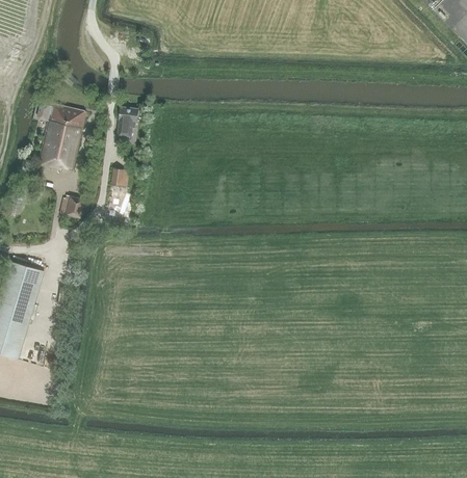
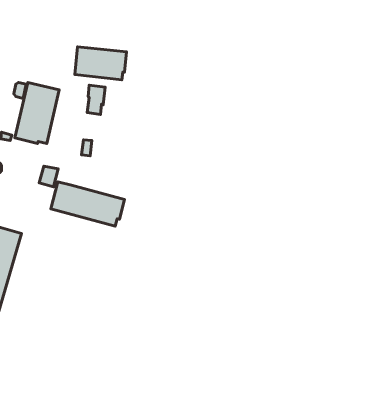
building: none -> [75,47,126,80]
building: none -> [51,182,124,226]

